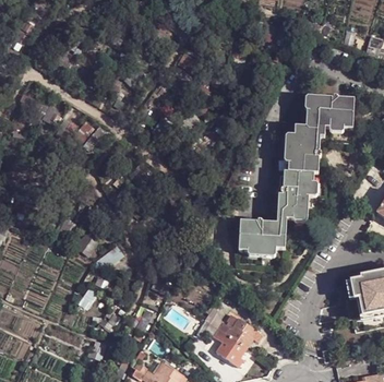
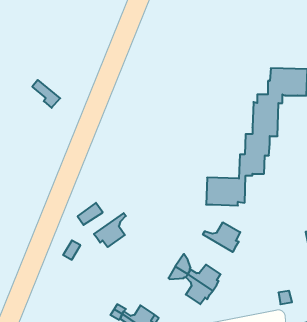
building: none -> [94,213,126,247]
building: none -> [203,222,240,252]

